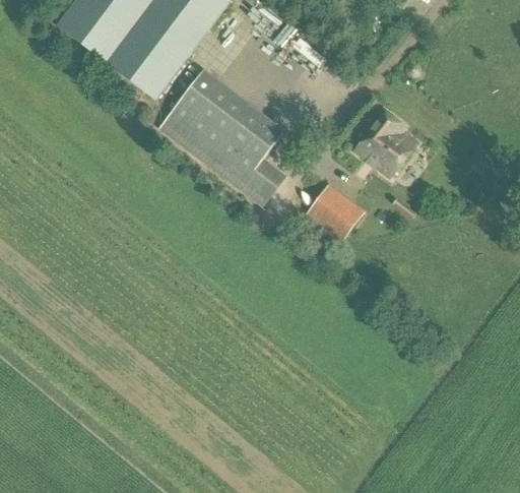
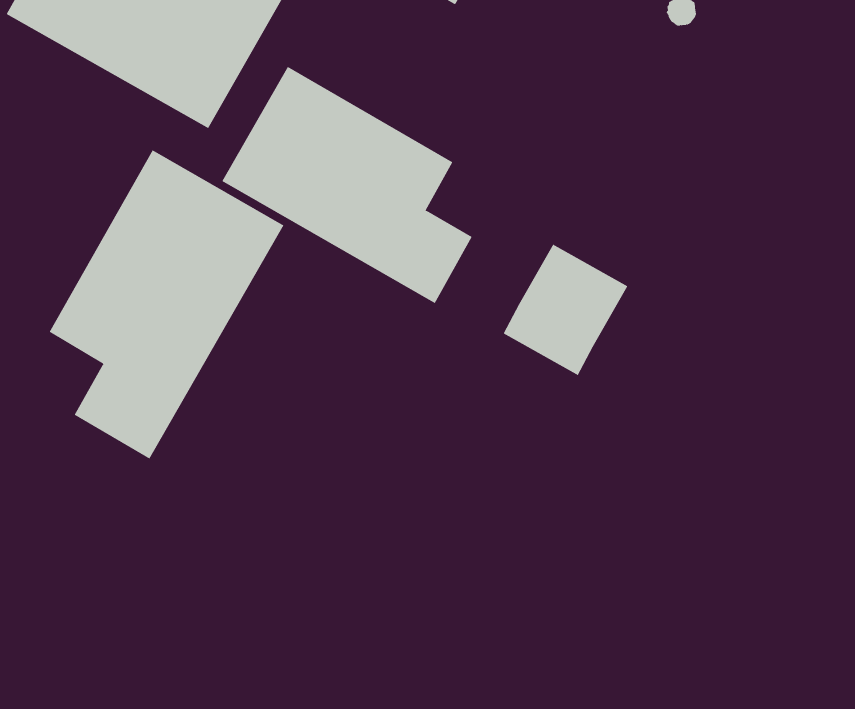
building: none -> [49,150,284,459]
building: [354,110,415,176] -> none

